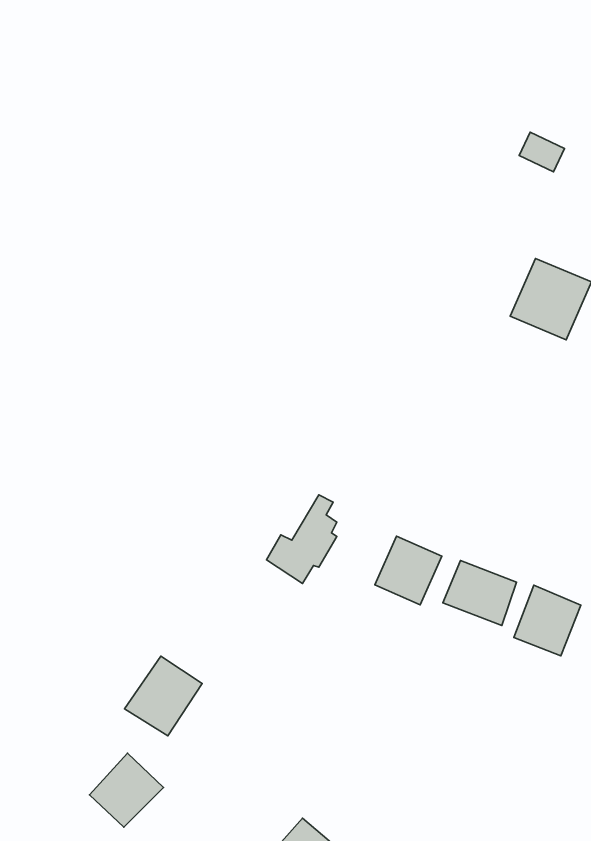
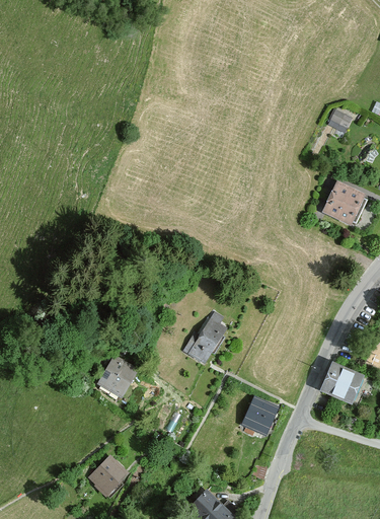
building: [375,536,442,605] -> [242,395,280,434]
building: [443,561,516,626] -> none
building: [125,656,202,736] -> [94,353,138,397]

